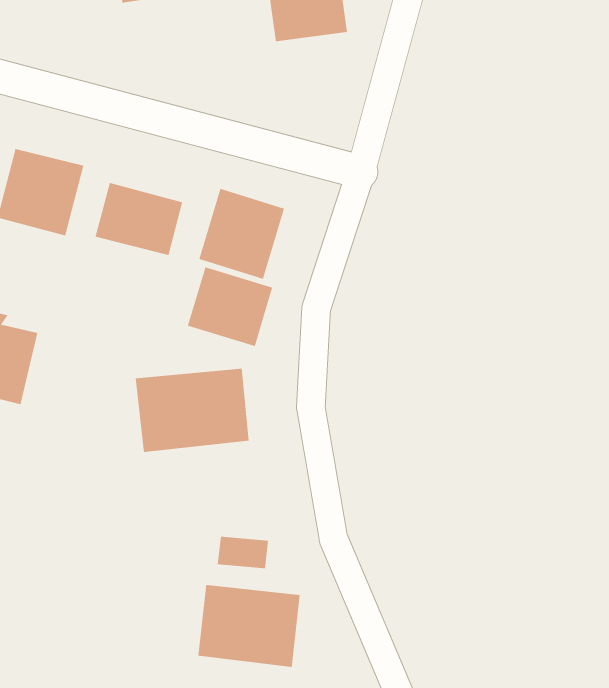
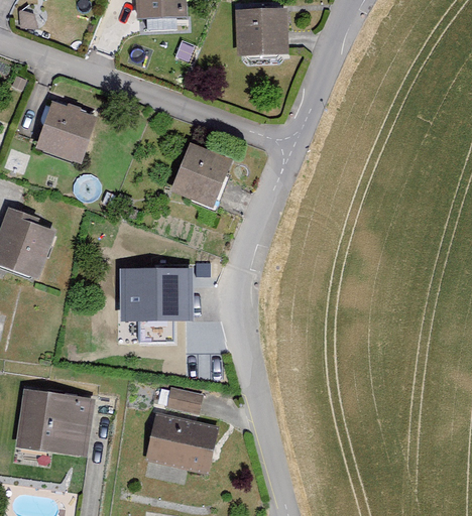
building: [95,182,183,256] -> none
building: [187,267,273,347] -> none
building: none -> [16,390,94,457]

